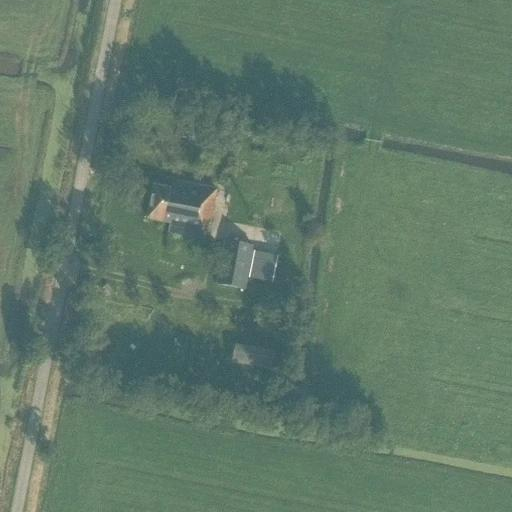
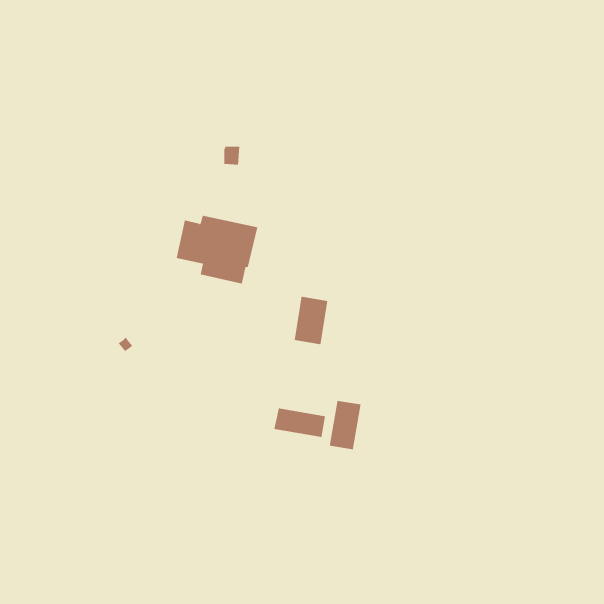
building: [218,238,255,287] -> none
building: none -> [329,400,361,450]

